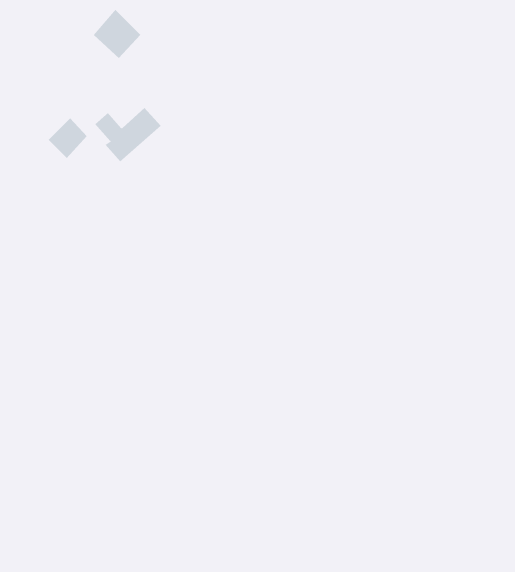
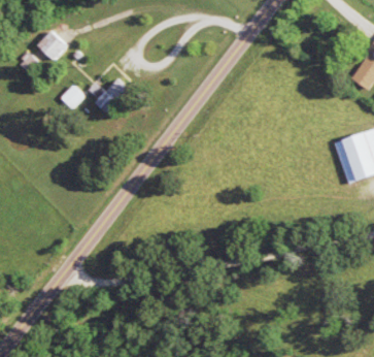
building: [93,9,141,59] -> [37,30,66,60]

